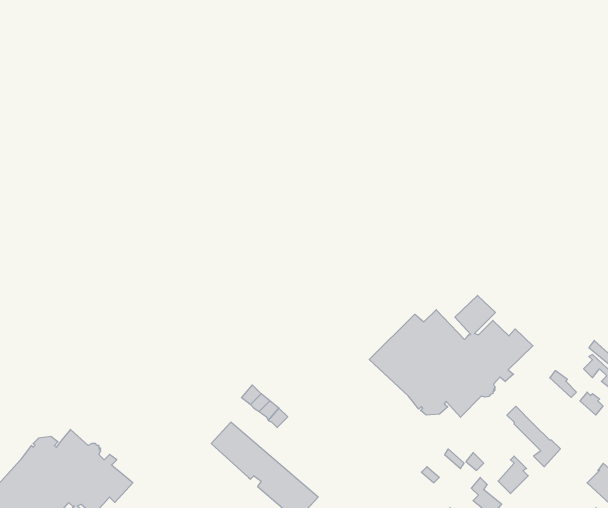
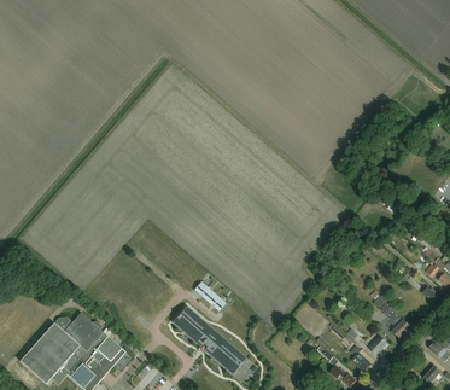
building: [369,295,533,417] -> none

